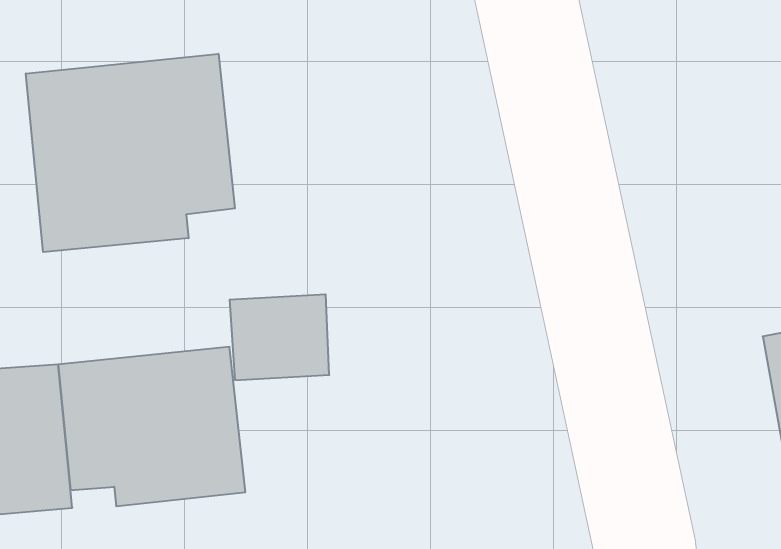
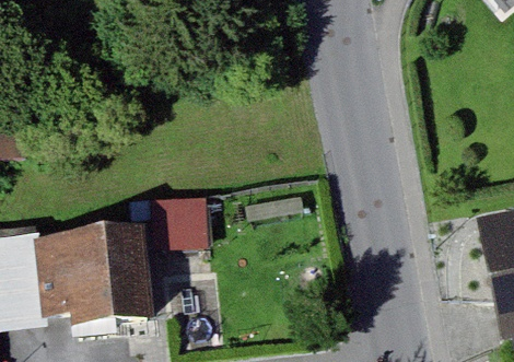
building: [26,54,235,252] -> none

